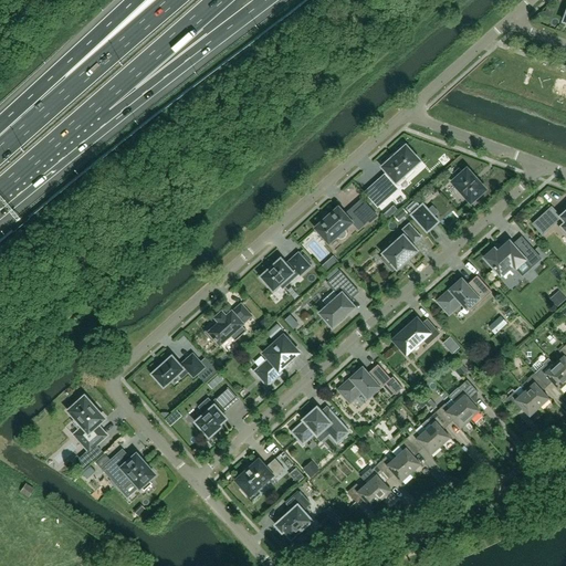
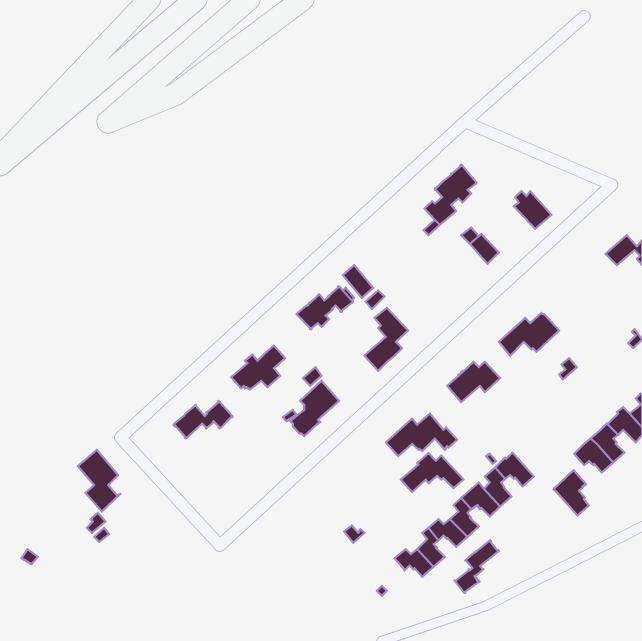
building: [316,199,377,242] -> none
building: [384,223,420,270] -> none
building: [485,237,541,274] -> none
building: [449,379,480,419] -> [554,470,589,516]
building: [197,388,238,436] -> none
building: [293,408,348,442] -> [401,453,464,492]
building: [103,453,155,490] -> none
building: [237,458,284,495] -> none
building: none -> [455,540,499,593]
building: [276,492,311,538] -> none

